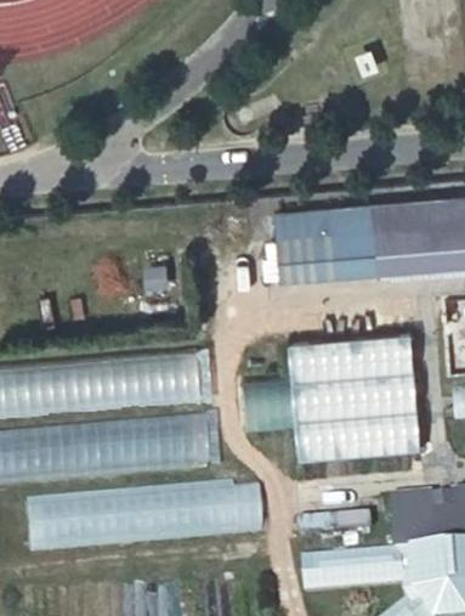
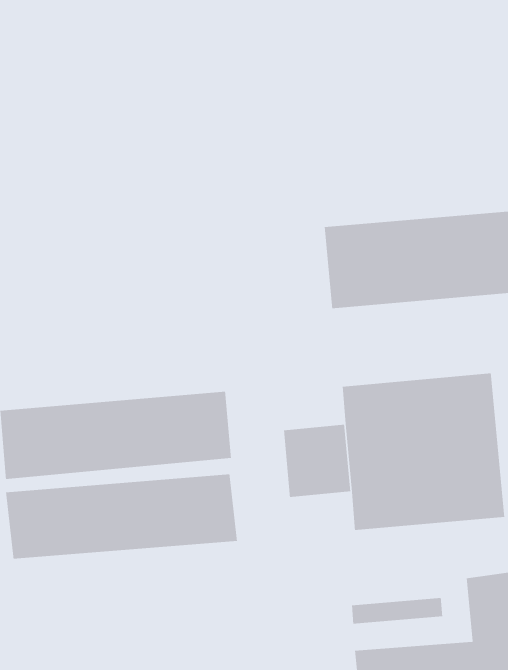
building: [24,482,260,550] -> none

